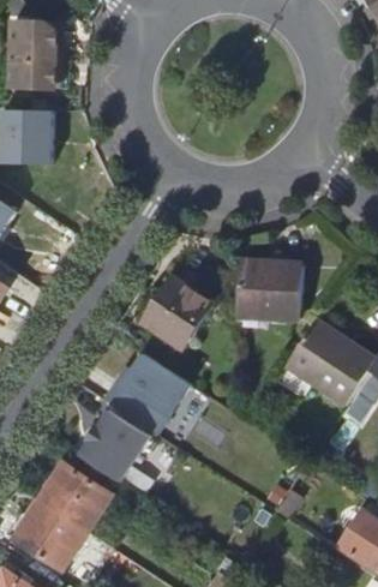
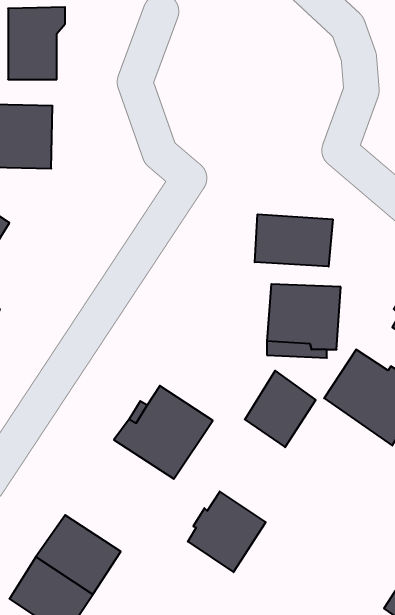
building: none -> [255,214,333,267]
building: [150,281,211,347] -> [245,371,316,447]
building: [78,413,145,483] -> [188,491,266,572]

